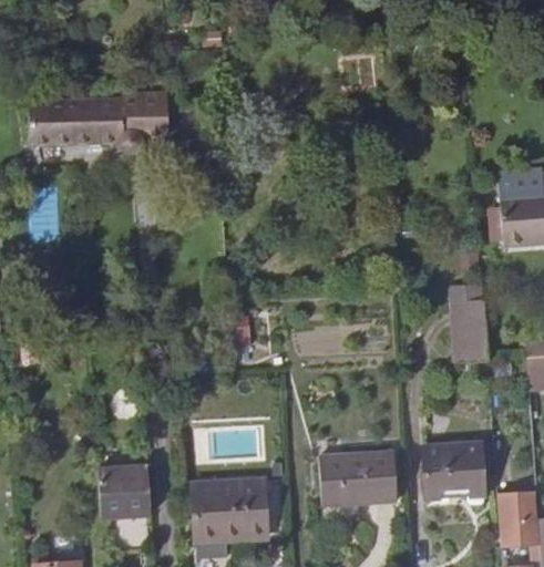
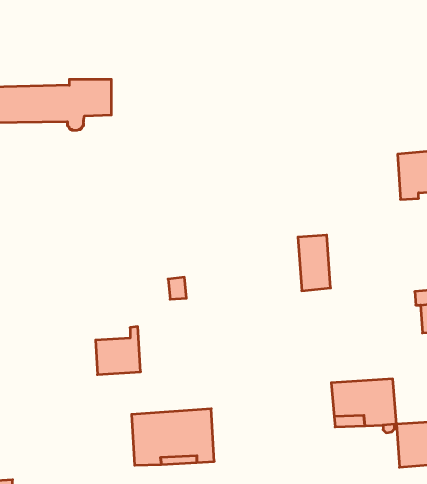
building: [449,296,486,360] -> [298,235,331,291]
building: [317,450,396,502] -> none
building: [100,463,152,518] -> [96,327,141,375]

